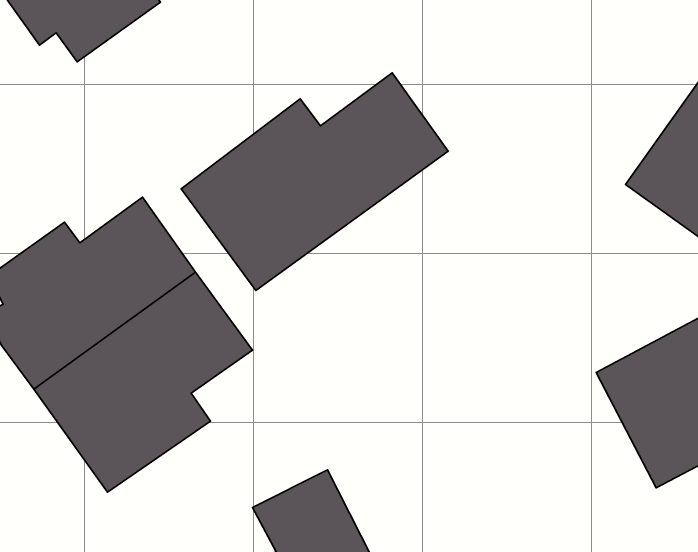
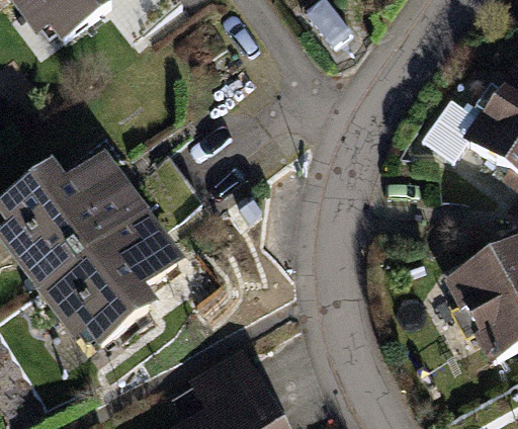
building: [181,73,448,290] -> none

